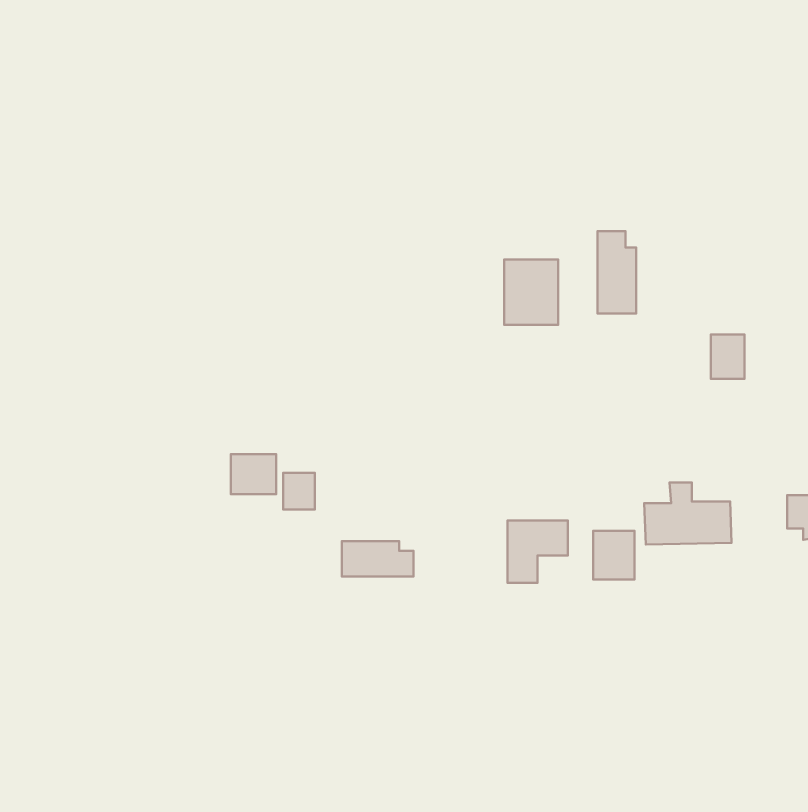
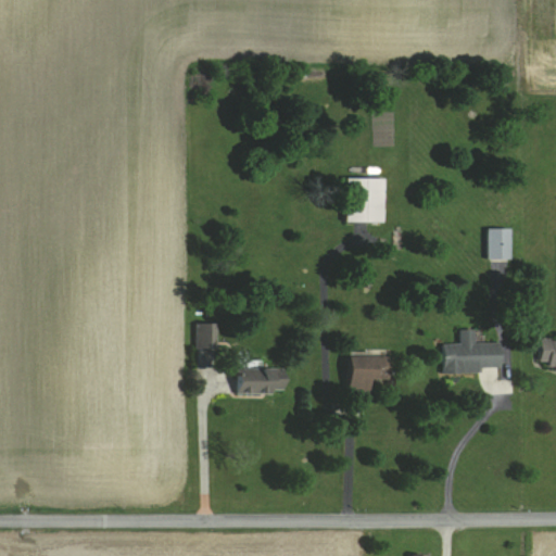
building: [598,231,636,313] -> none
building: [231,454,276,494] -> none
building: [593,531,635,579] -> none

